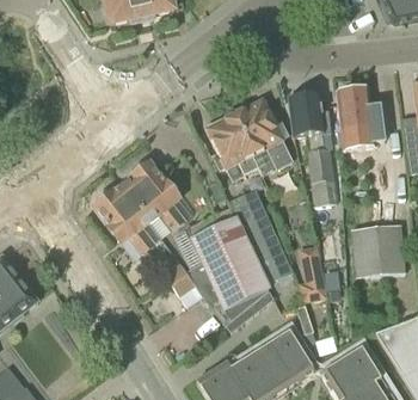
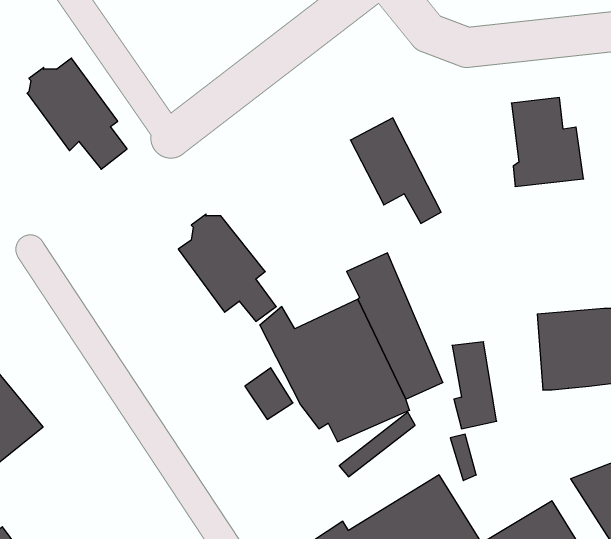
building: [288,91,338,203] -> none
building: [205,113,260,179] -> none
building: [93,184,158,256] -> [27,58,127,169]

